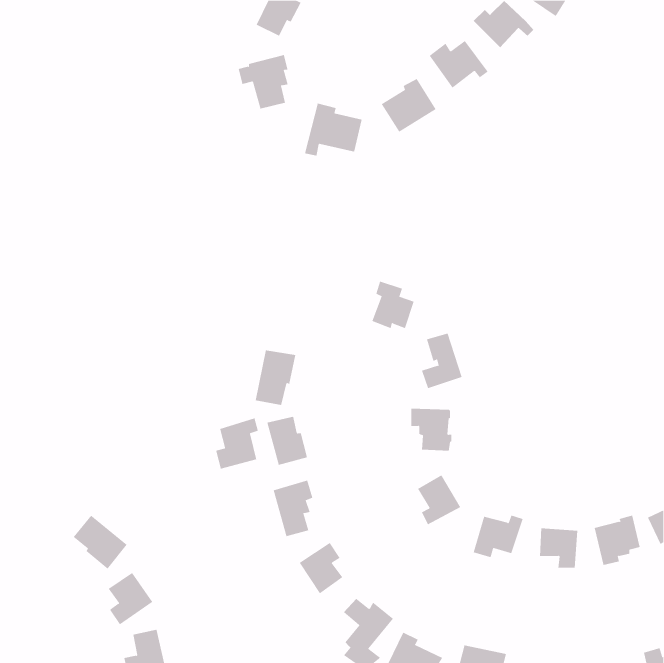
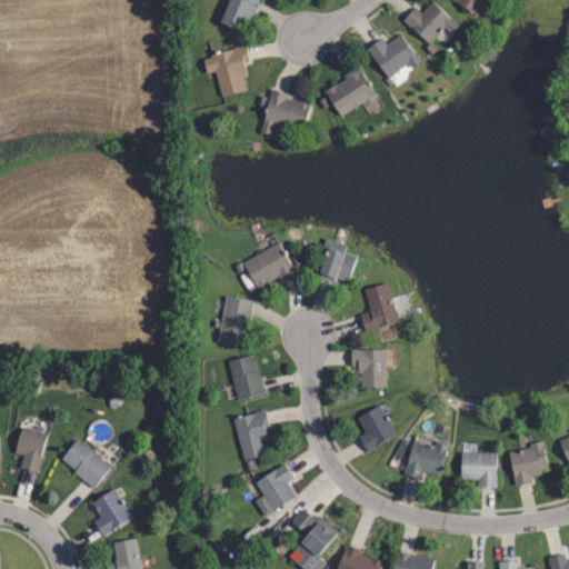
building: none -> [243,243,293,289]
building: [215,418,258,470] -> none
building: none -> [17,429,47,473]

